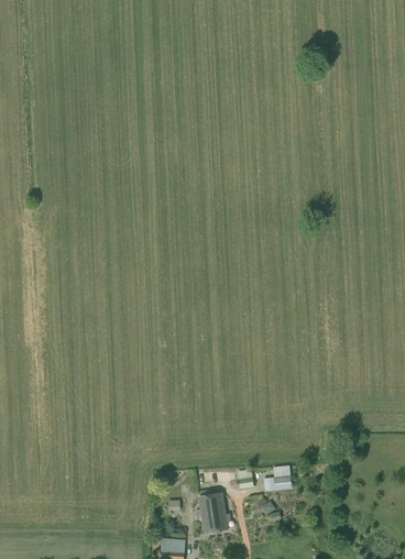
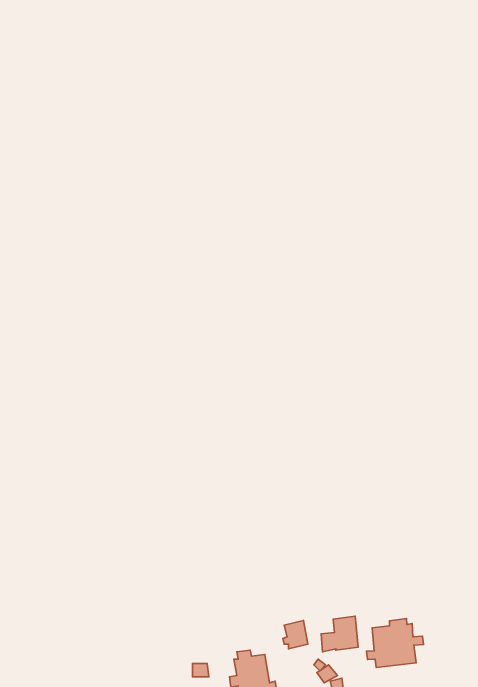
building: none -> [366,619,424,667]

